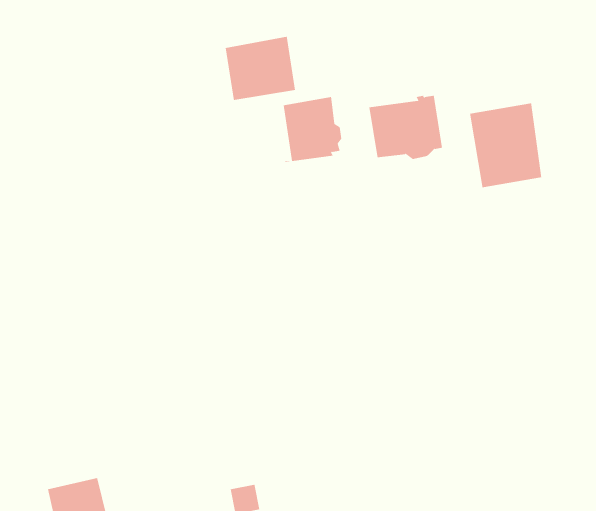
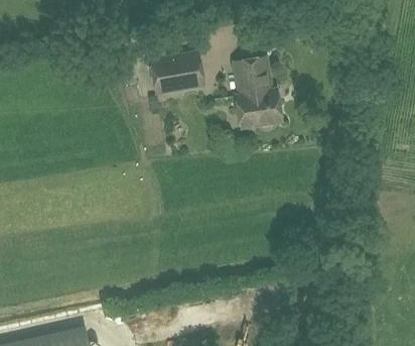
building: [283,97,342,163] -> [236,56,271,96]
building: [470,102,542,188] -> none

